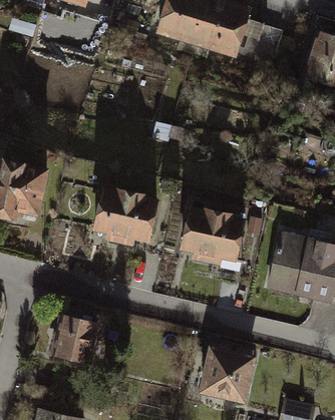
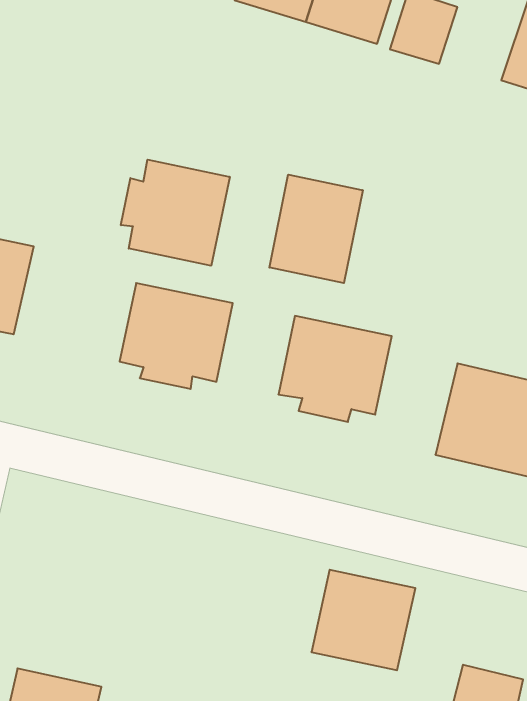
building: none -> [121,160,230,266]
building: none -> [269,175,363,283]
building: [53,312,101,363] -> none

